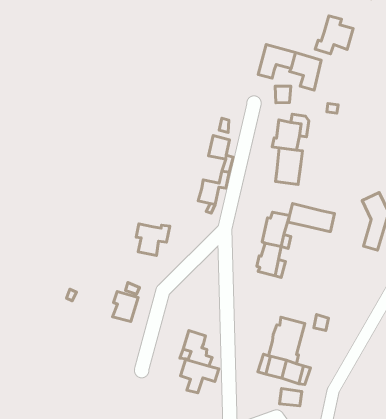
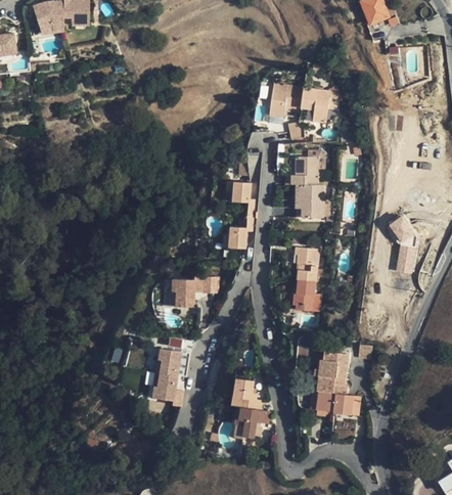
building: [315,16,353,54] -> none
building: [288,203,335,232] -> none
building: none -> [151,373,183,406]

